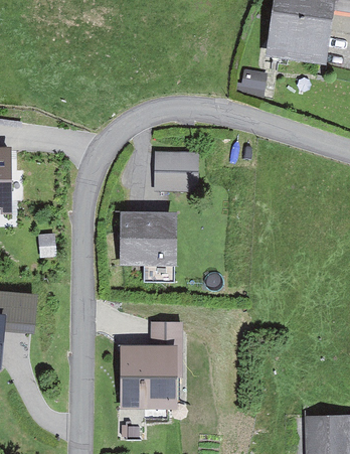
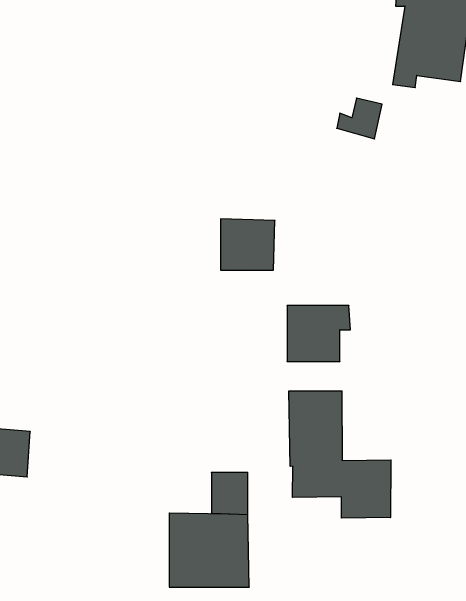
building: [128,224,170,262] -> [287,306,350,361]
building: none -> [289,391,391,518]

